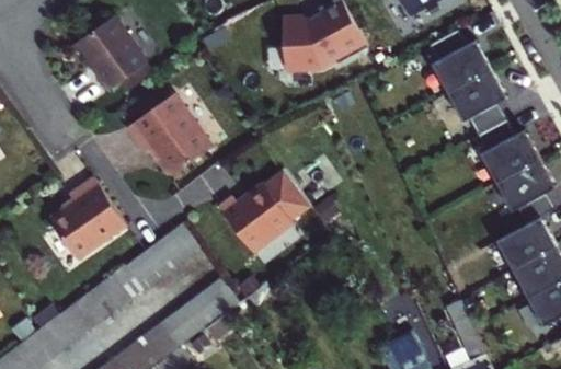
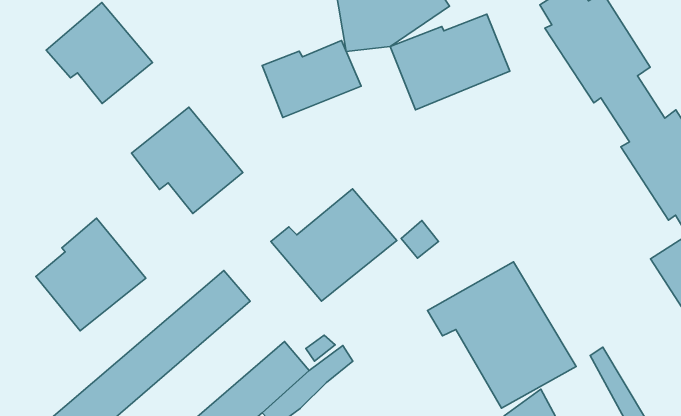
building: none -> [390,14,510,110]
building: none -> [262,40,361,118]
building: none -> [428,262,576,408]

